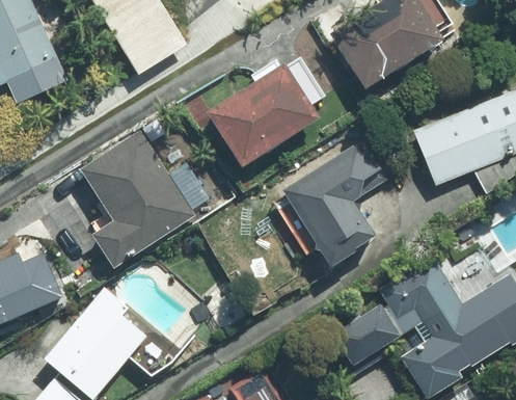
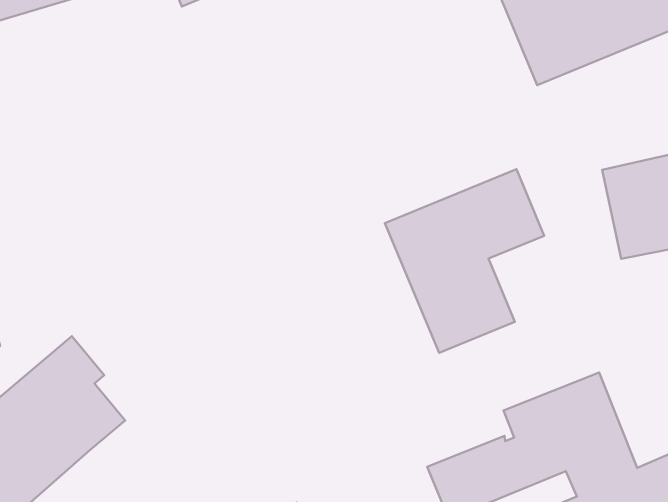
building: [209,59,324,165] -> none
building: [79,131,195,268] -> none

